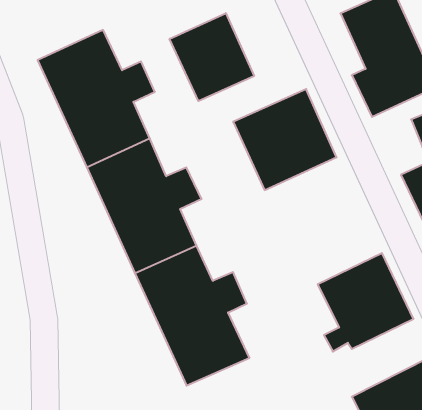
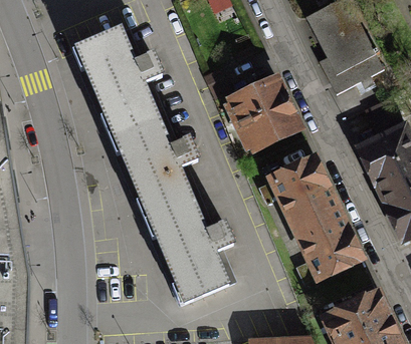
building: [170,13,254,101] -> none
building: none -> [254,151,340,229]

